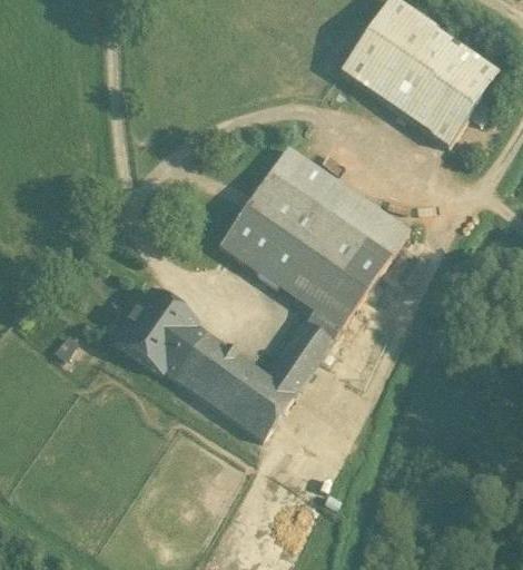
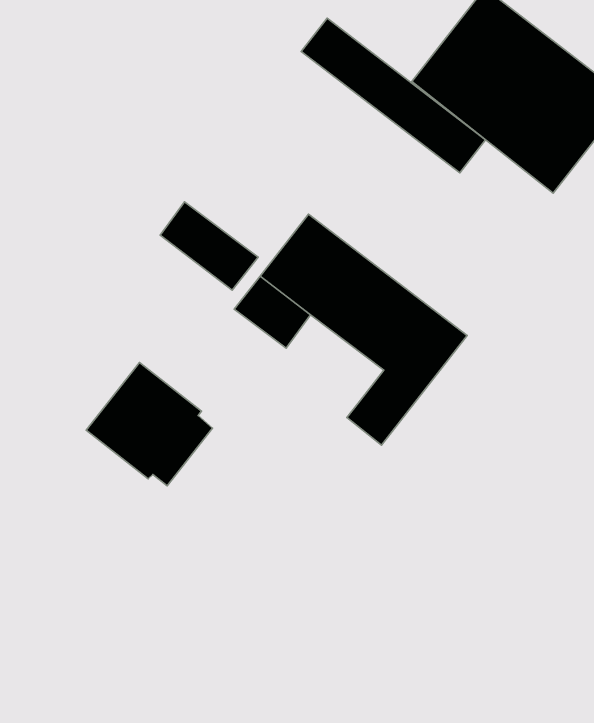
building: [269,145,409,254] -> [301,18,486,173]
building: [258,245,332,308] -> [160,202,258,290]
building: [176,320,333,439] -> none

